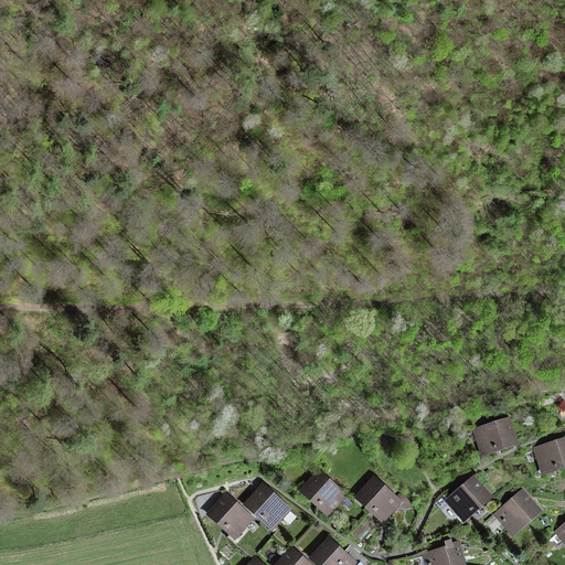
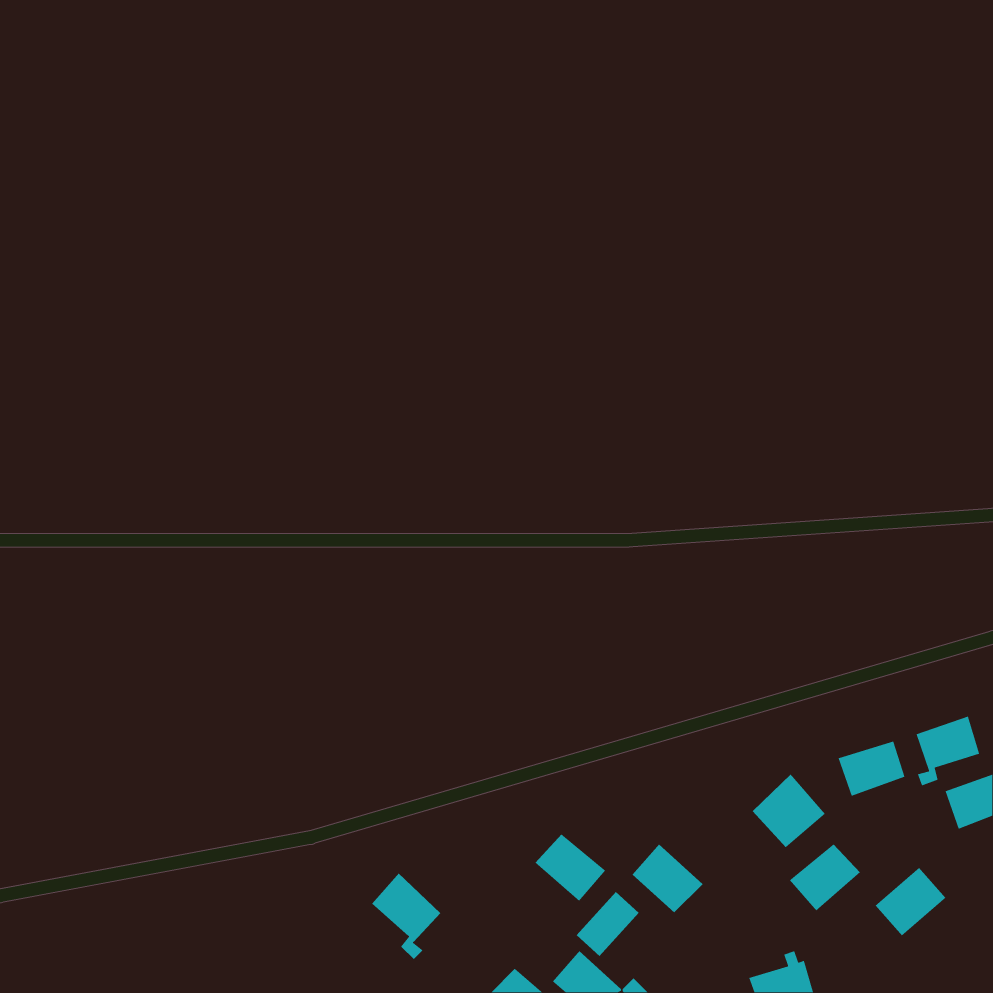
building: none -> [916,715,980,786]
building: none -> [752,774,826,848]
building: [247,487,288,526] -> none
building: none -> [576,891,640,957]

